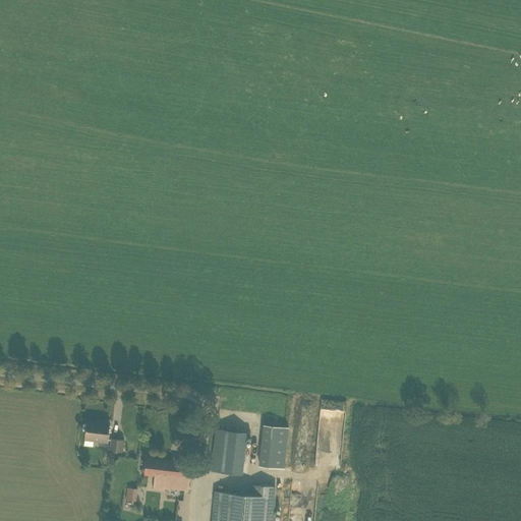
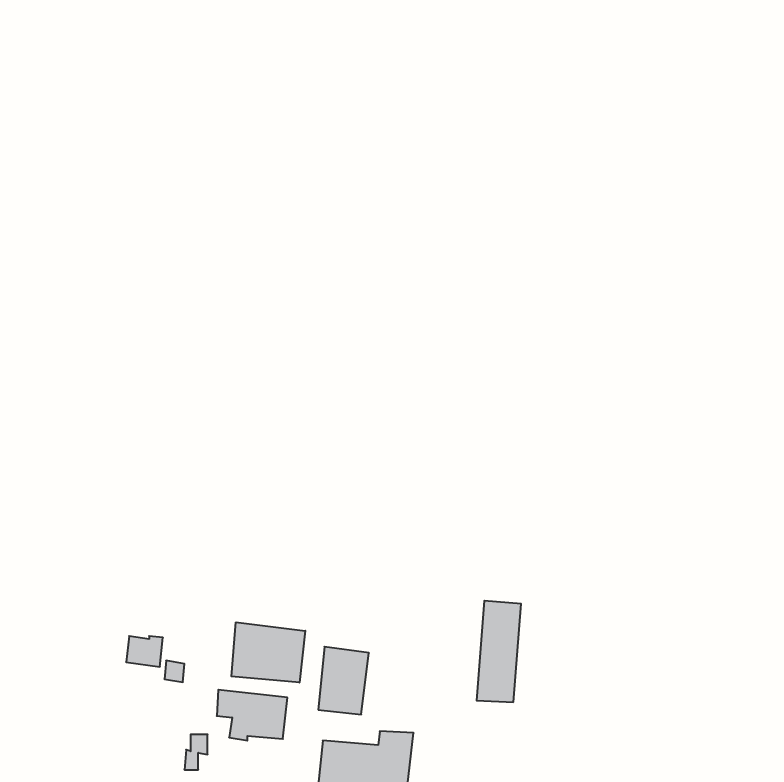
building: none -> [231,622,305,683]
building: [259,425,289,469] -> none

